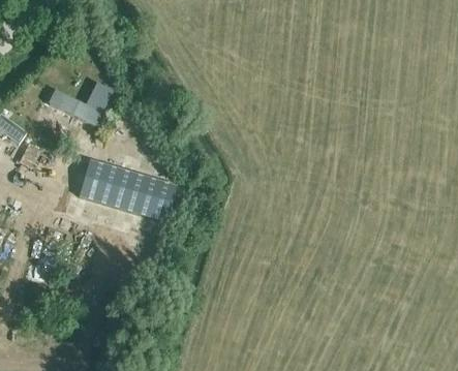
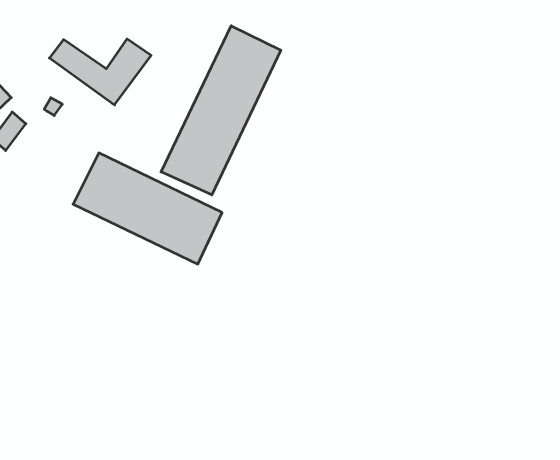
building: none -> [161,26,281,195]

